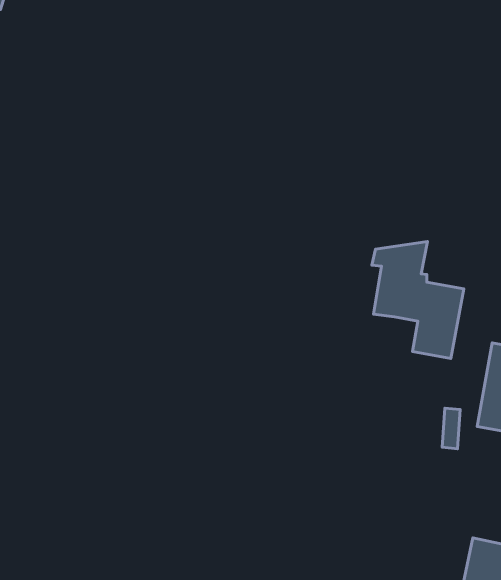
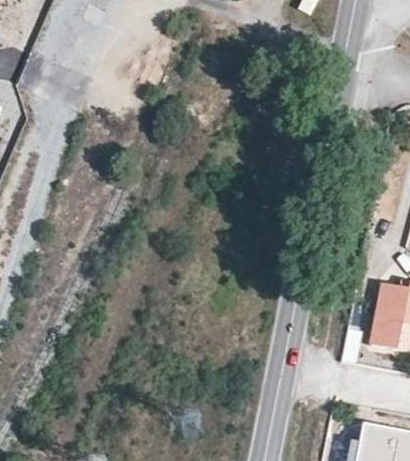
building: [372,241,464,359] -> none

